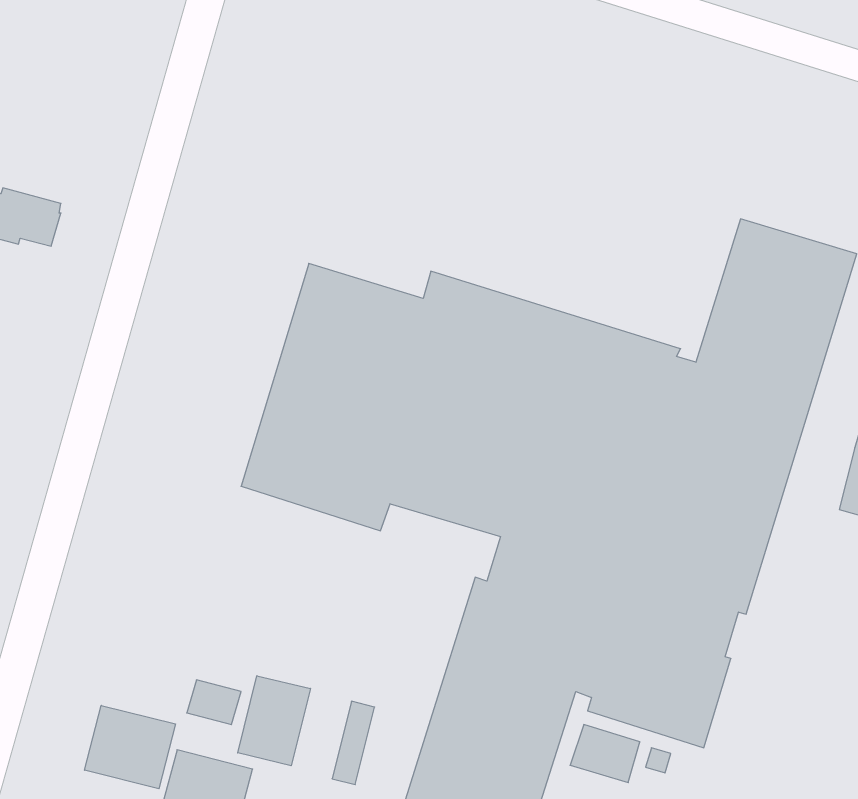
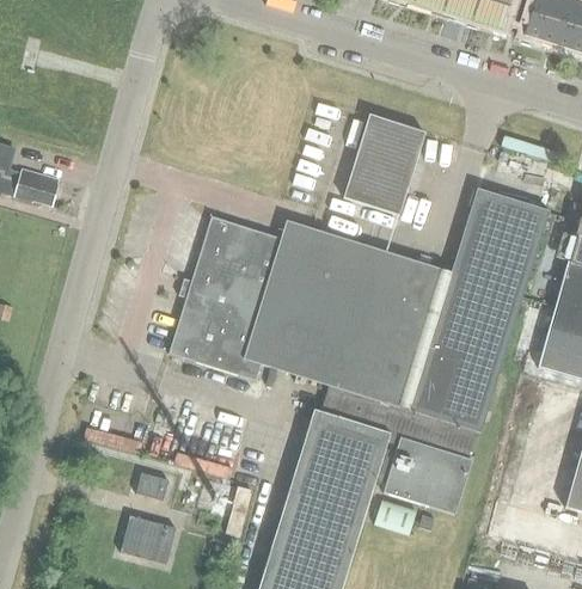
building: none -> [343,115,424,214]
building: [238,676,310,766] -> none
building: [85,705,175,789] -> none

